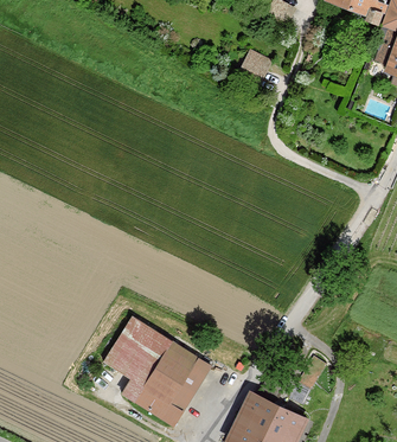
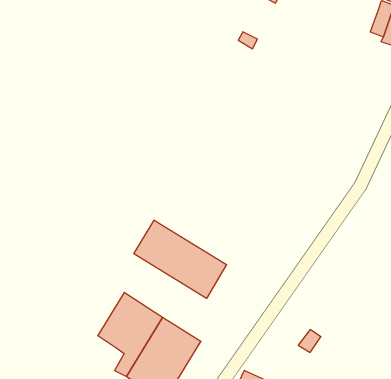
building: none -> [134,220,227,298]

